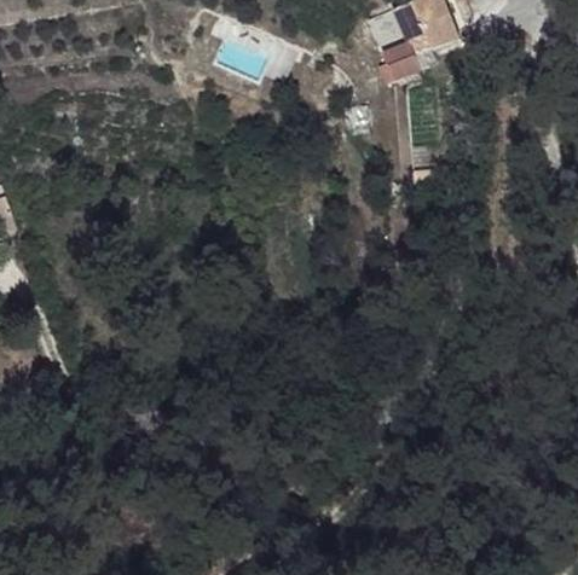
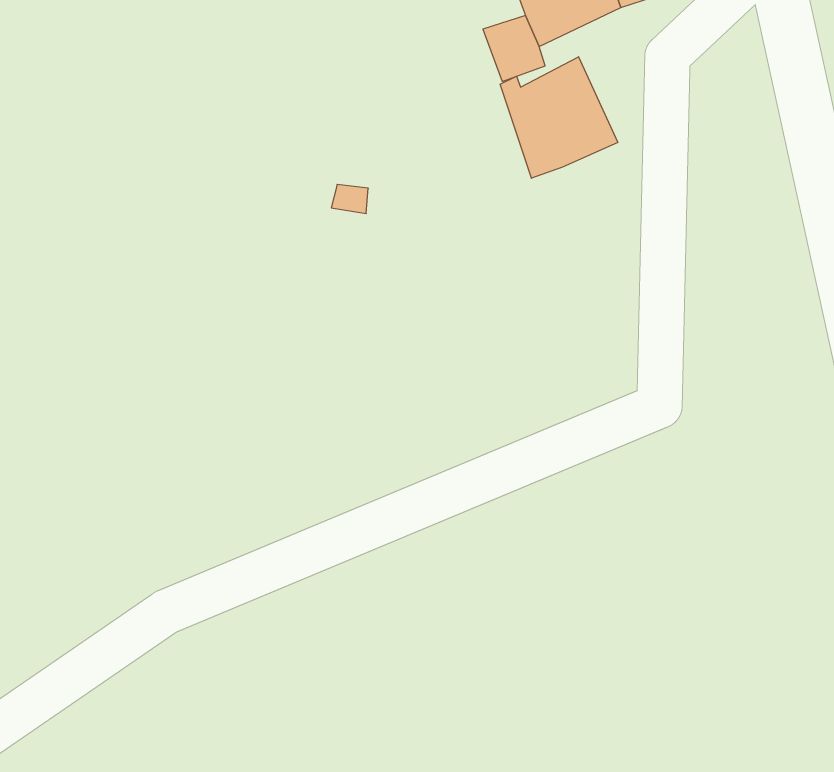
building: none -> [500,57,618,178]

